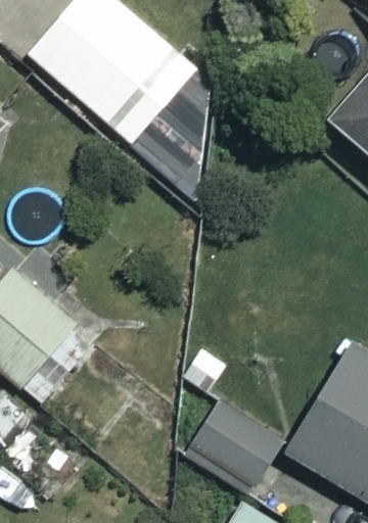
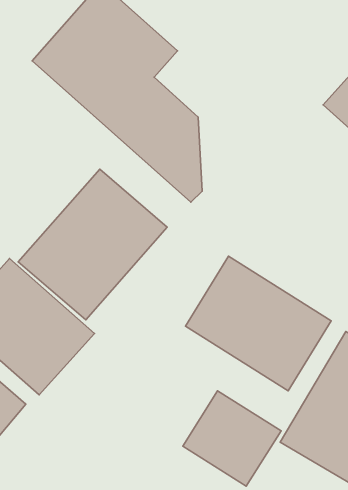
building: none -> [18,169,167,320]
building: none -> [186,256,331,391]

